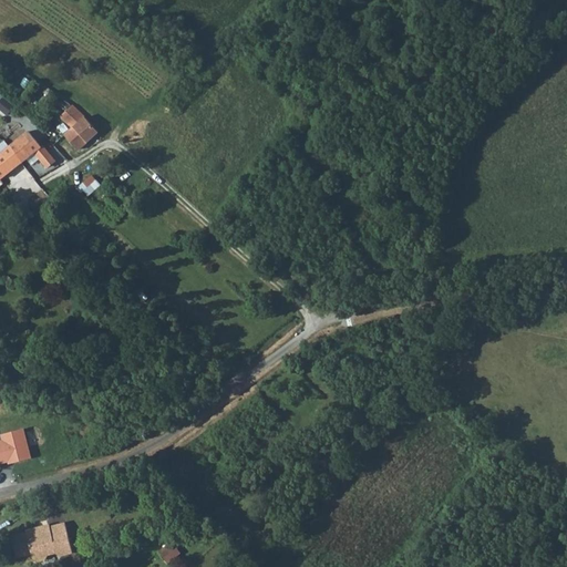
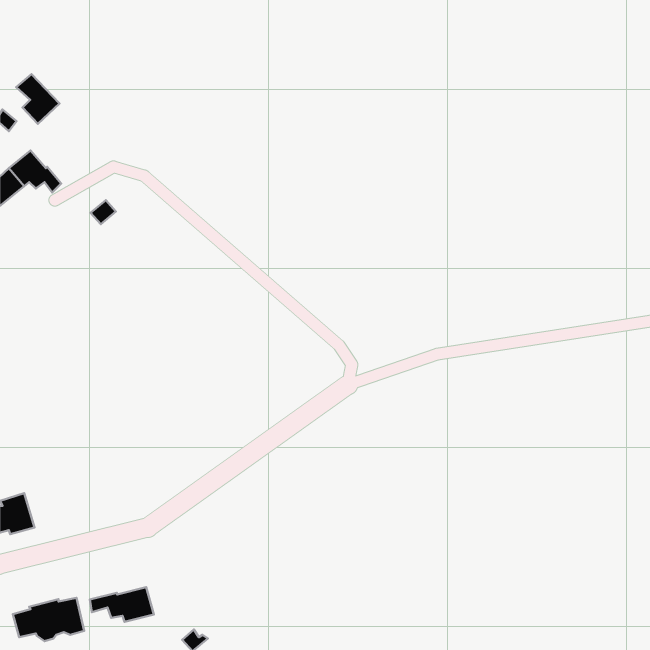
building: [59,106,96,150] -> [16,74,59,124]
building: none -> [90,587,154,622]

